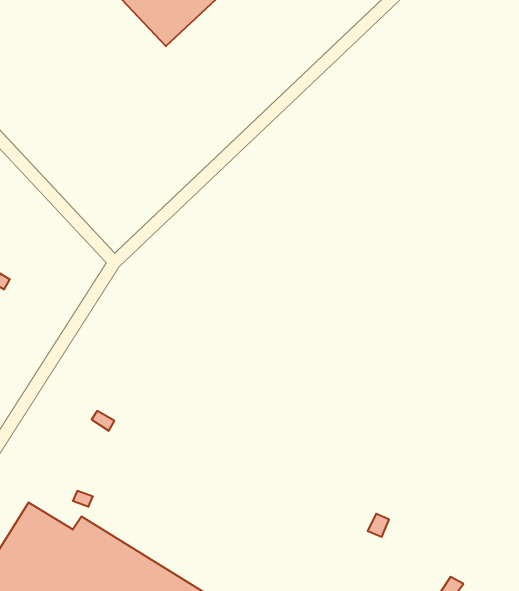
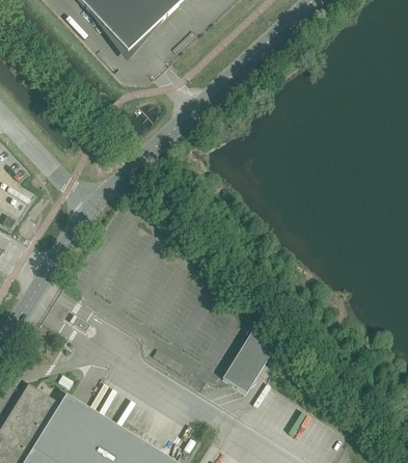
building: none -> [223,332,272,392]

